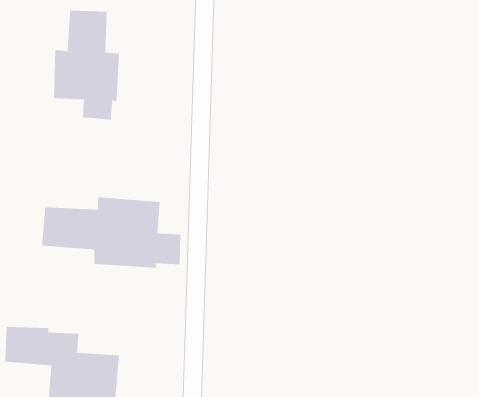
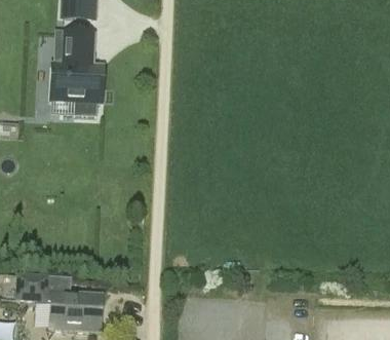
building: [41,196,181,268] -> none

